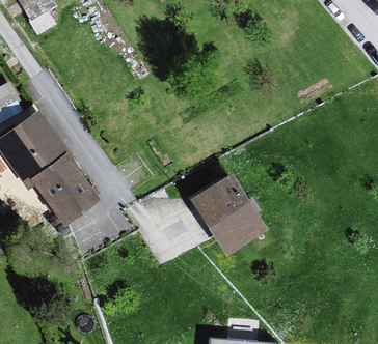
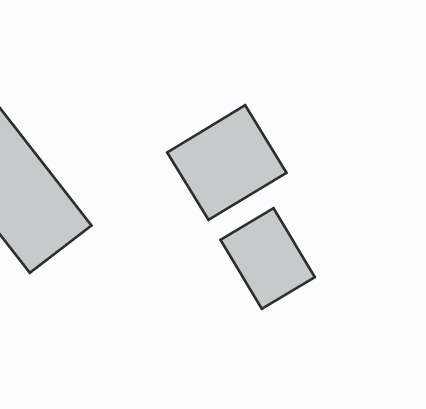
building: none -> [167,105,287,220]

